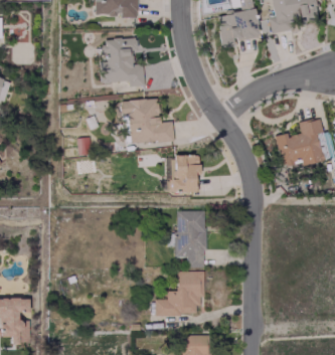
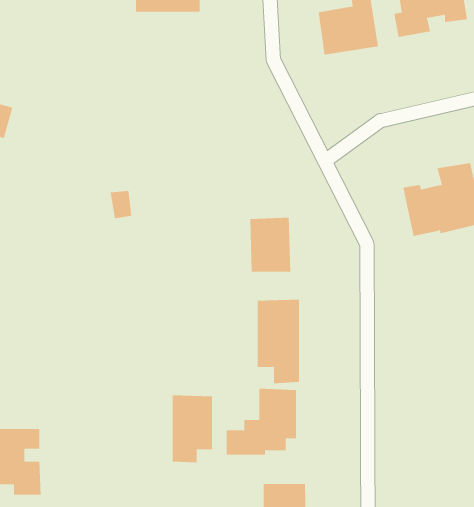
building: [99,37,145,86] -> none
building: [121,99,173,143] -> none
building: none -> [172,395,212,463]

